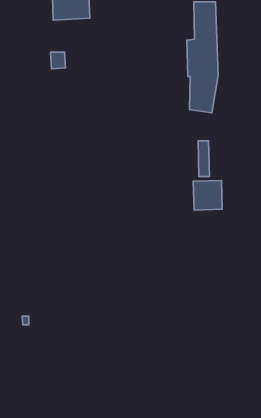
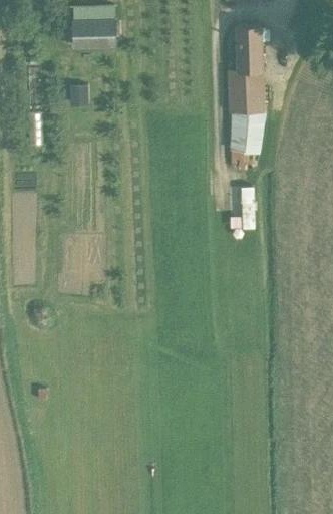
building: [193,181,222,210] -> none

